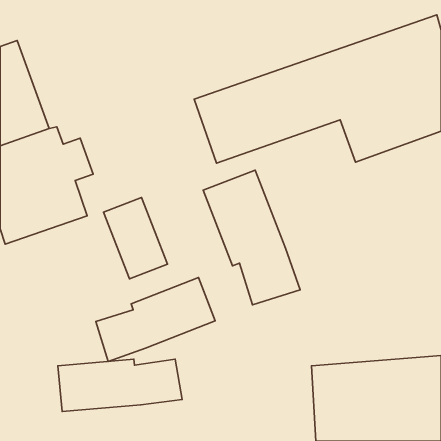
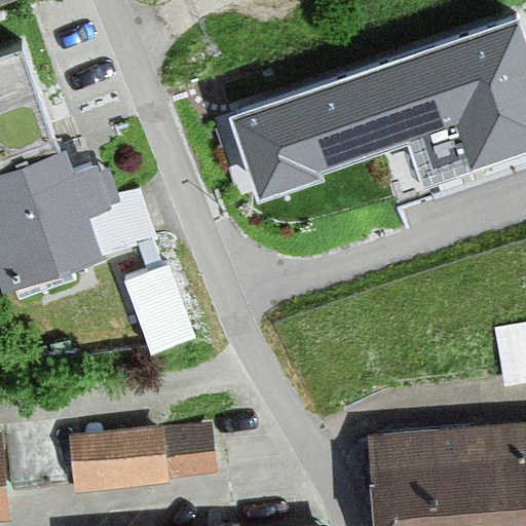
building: [203,170,300,305] -> none
building: [96,278,215,361] -> none

